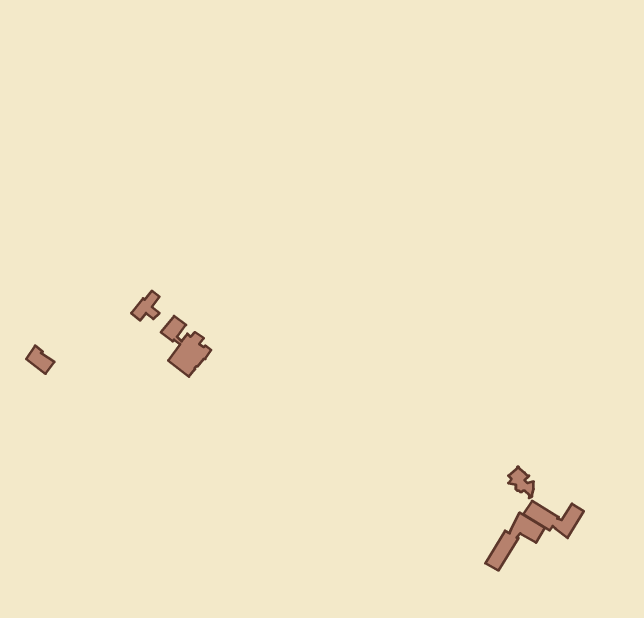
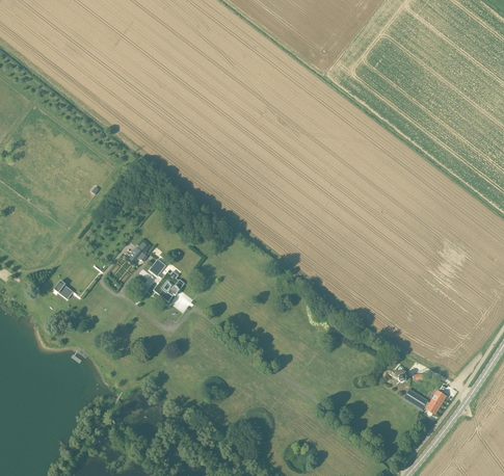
building: [485,513,545,570] -> none

